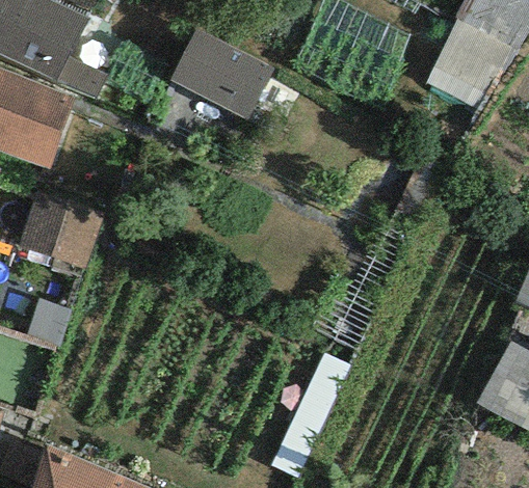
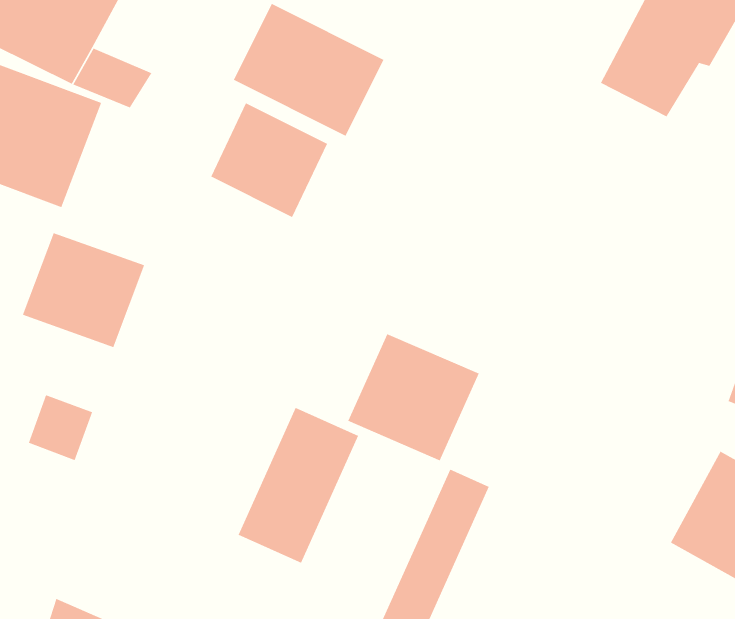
building: none -> [210,102,328,218]
building: none -> [347,333,480,461]
building: none -> [238,407,359,564]

